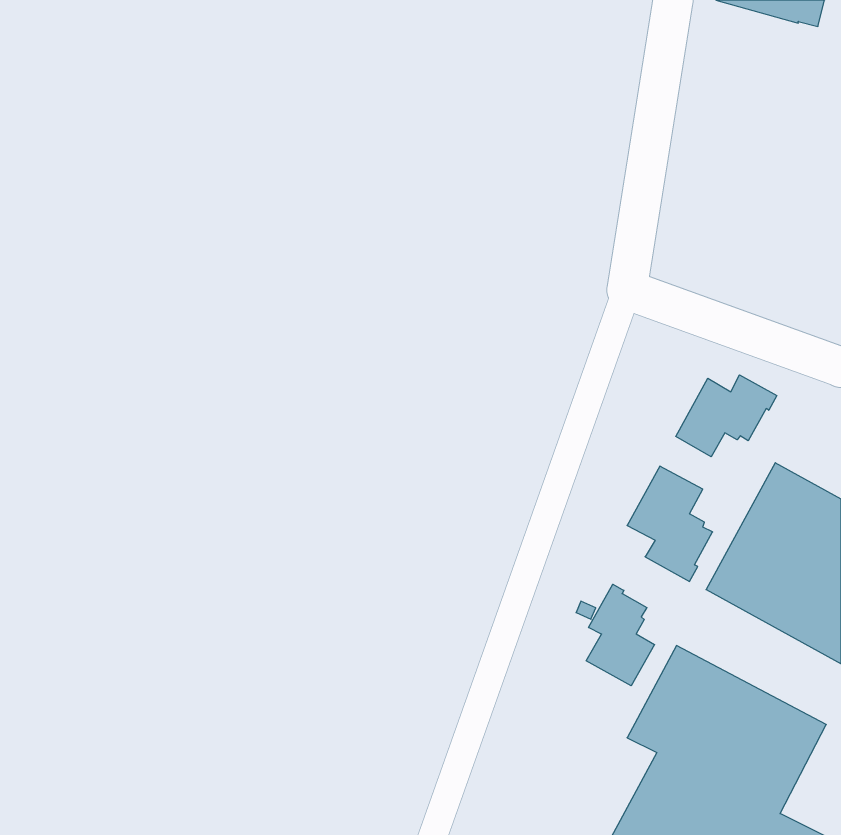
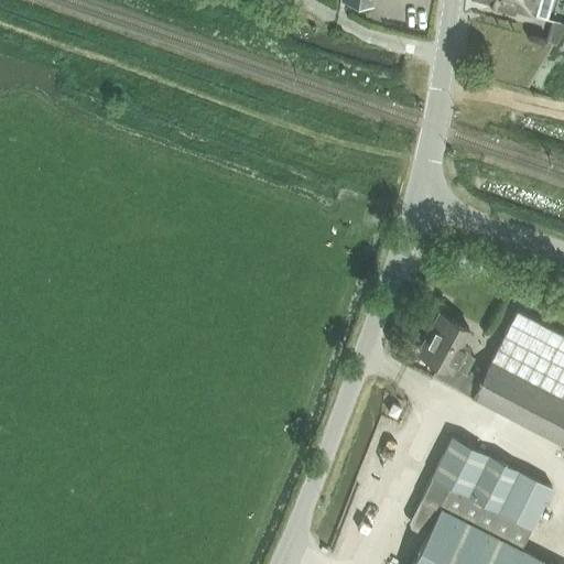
building: [676,375,777,457] -> none
building: [586,584,655,686] -> none

